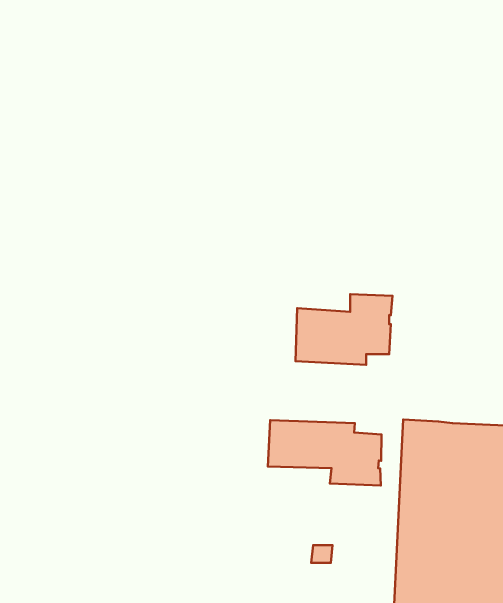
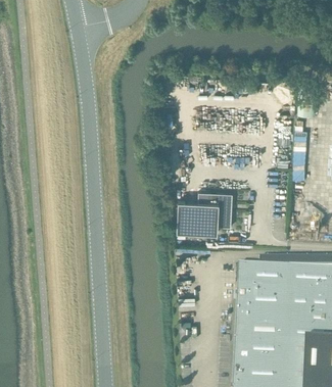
building: [268,420,382,486] -> none

